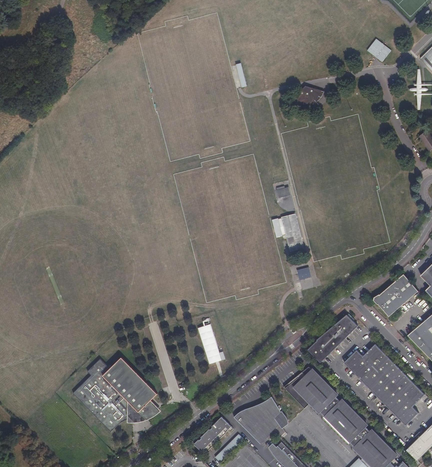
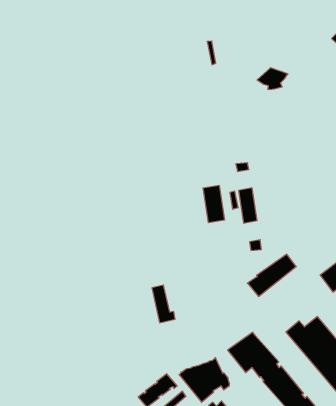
building: none -> [203,185,224,223]
building: [306,314,356,361] -> [247,254,296,297]
building: [72,357,157,432] -> none

